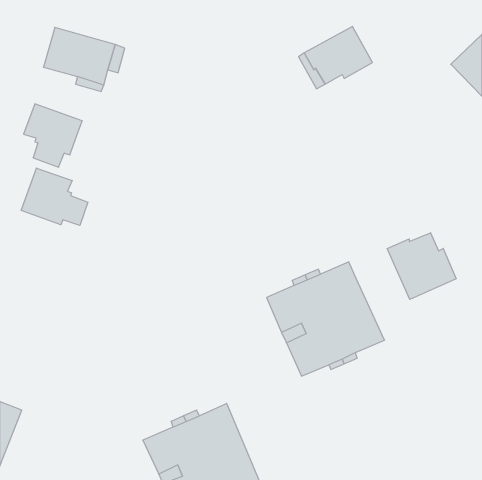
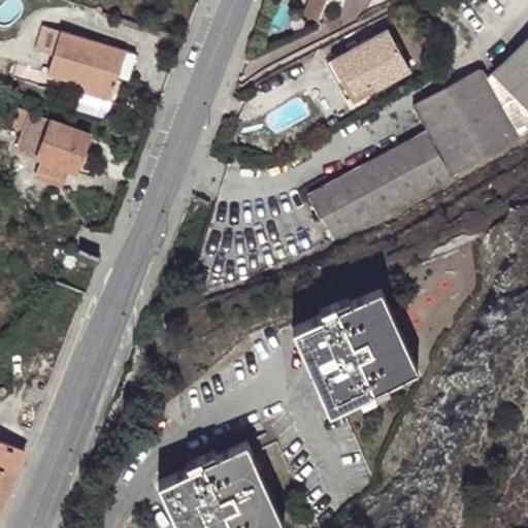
building: none -> [307,71,517,241]
building: [21,168,88,225] -> none
building: [387,233,456,299] -> none

